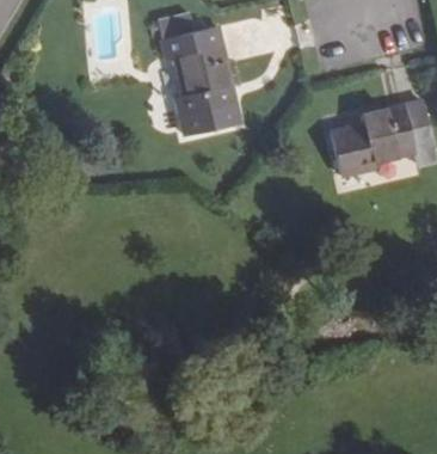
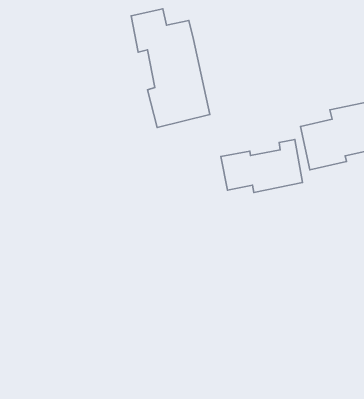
building: none -> [221,140,303,193]

